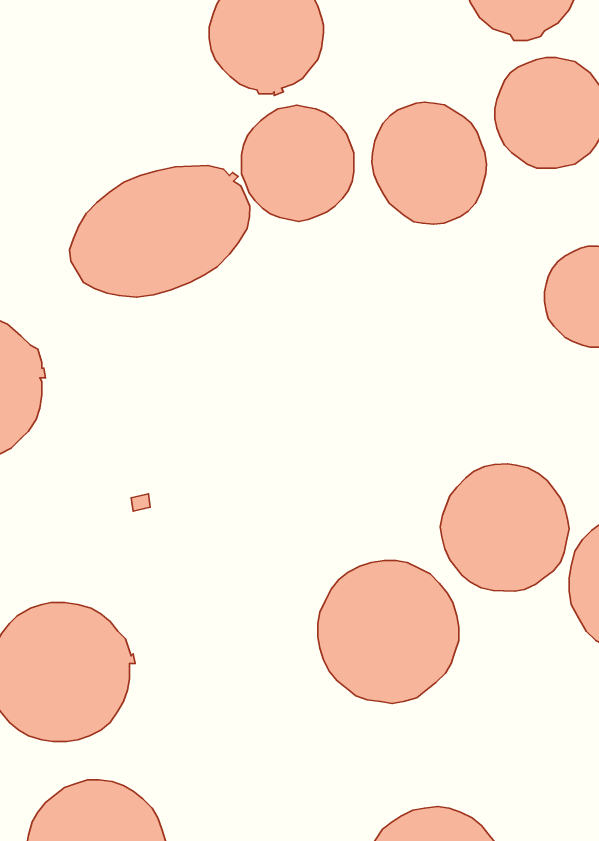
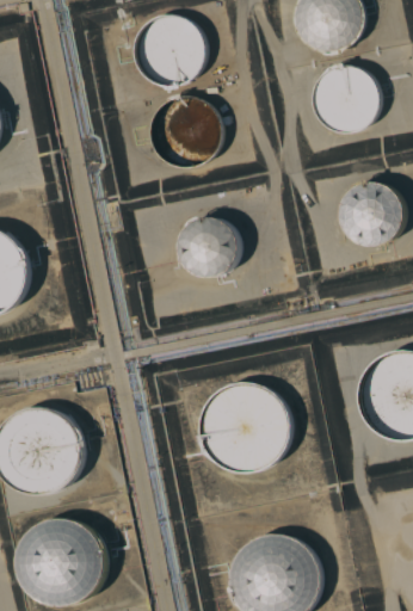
building: [372,102,487,224] -> none
building: [70,166,250,297] -> none
building: none -> [179,214,240,274]
building: [440,464,569,591] -> none

